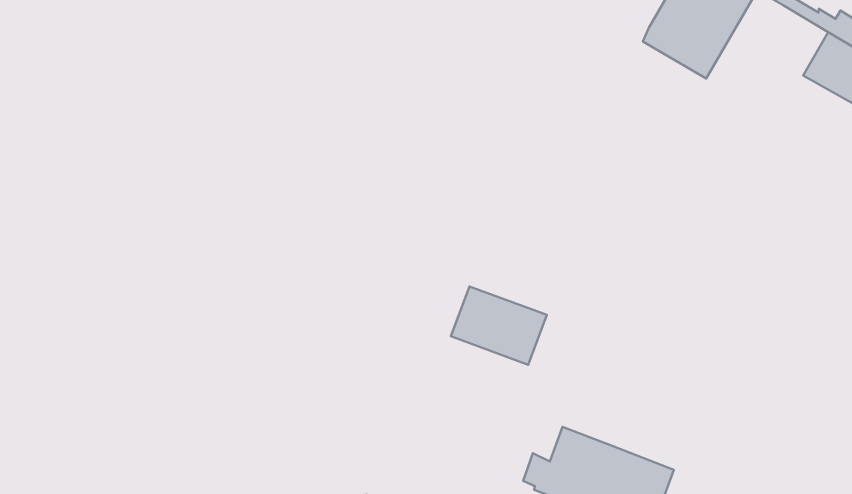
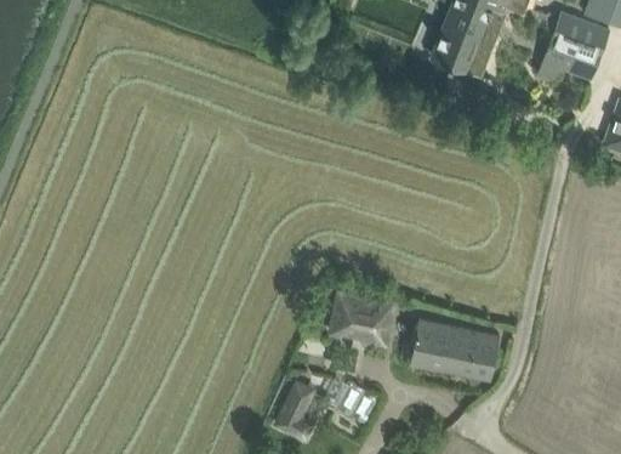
building: [451,286,547,365] -> [330,296,392,342]

